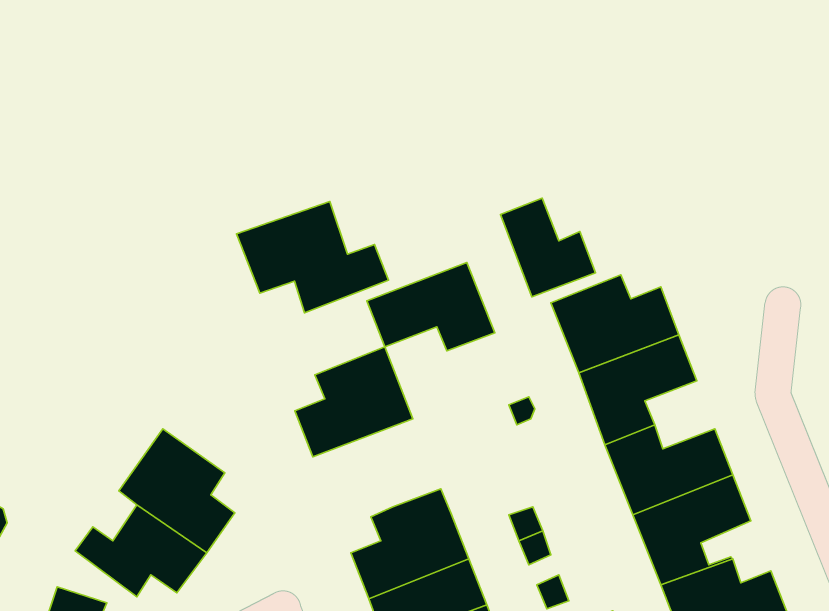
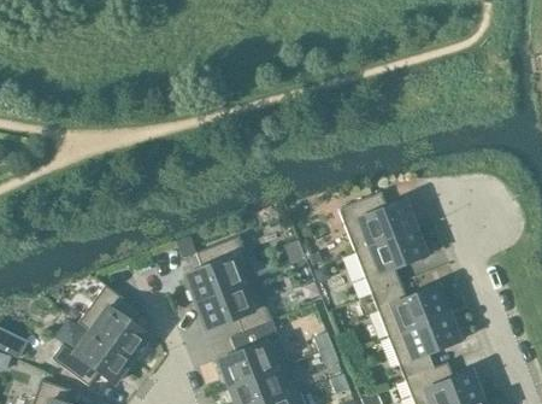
building: [500,198,596,297] -> none
building: [236,202,389,313] -> none
building: [367,263,495,351] -> [195,280,272,333]

